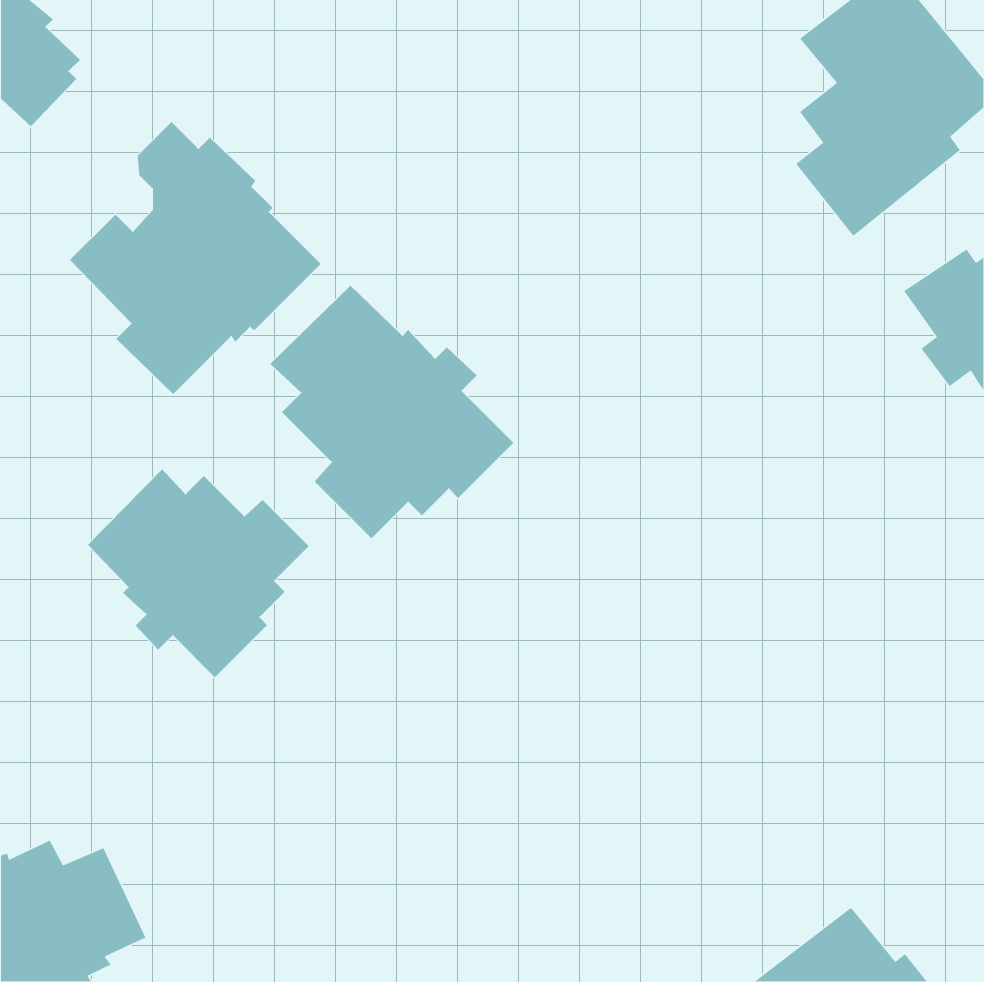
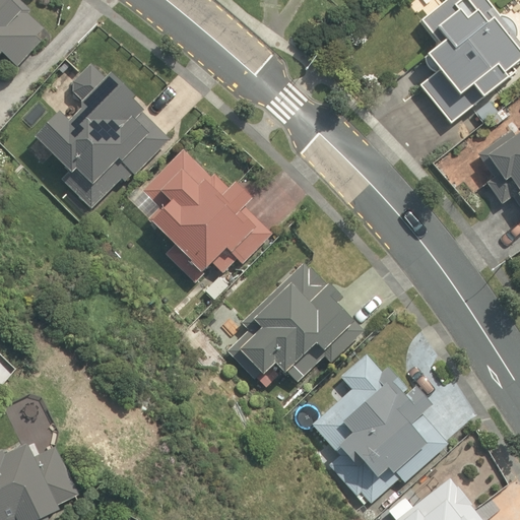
building: [87,468,309,678] -> none
building: none -> [228,264,363,382]
building: none -> [312,354,448,503]

